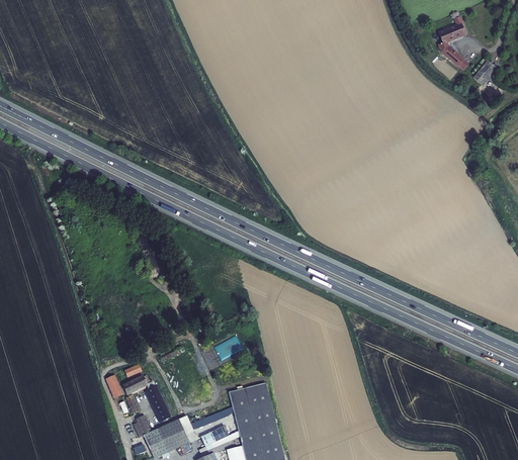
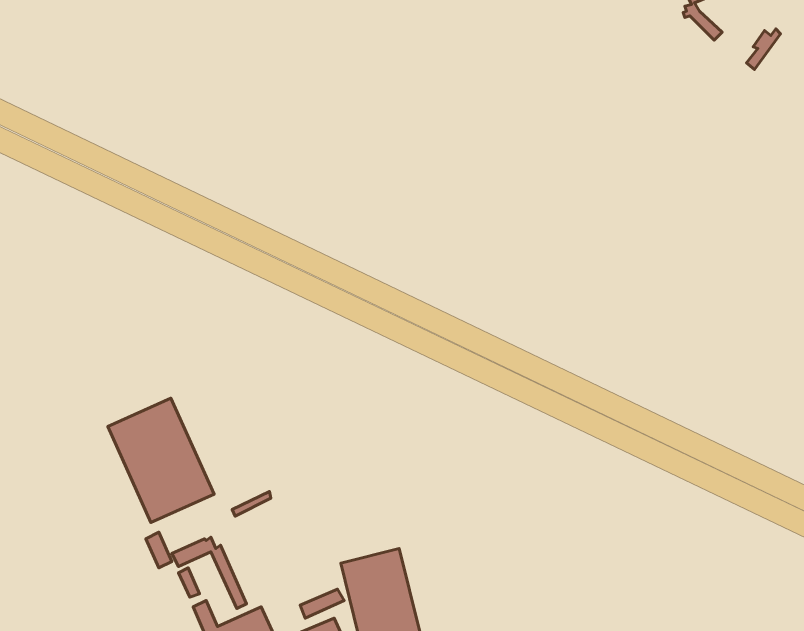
building: none -> [108,398,214,523]

